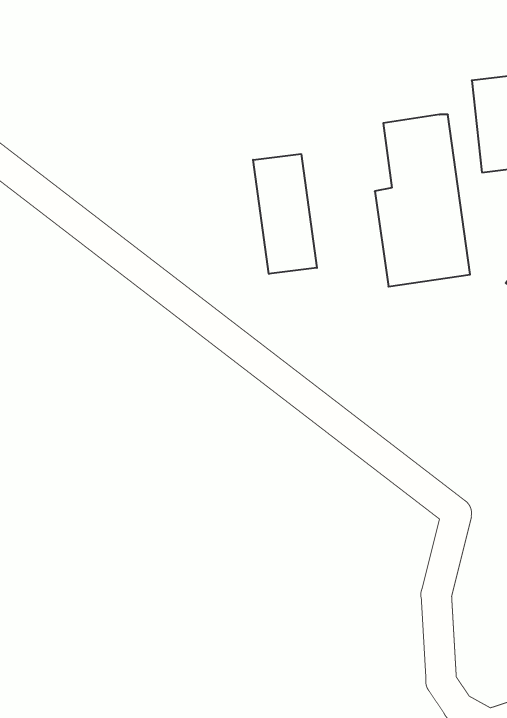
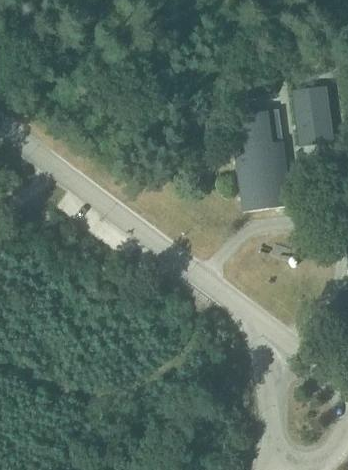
building: [253,154,317,274] -> none

